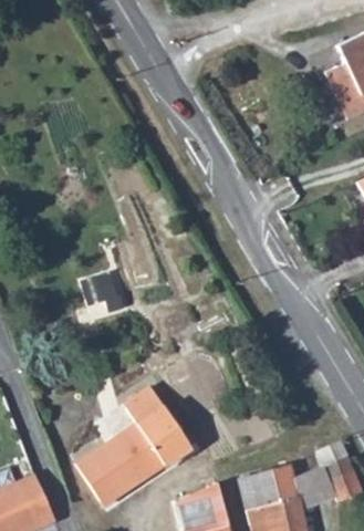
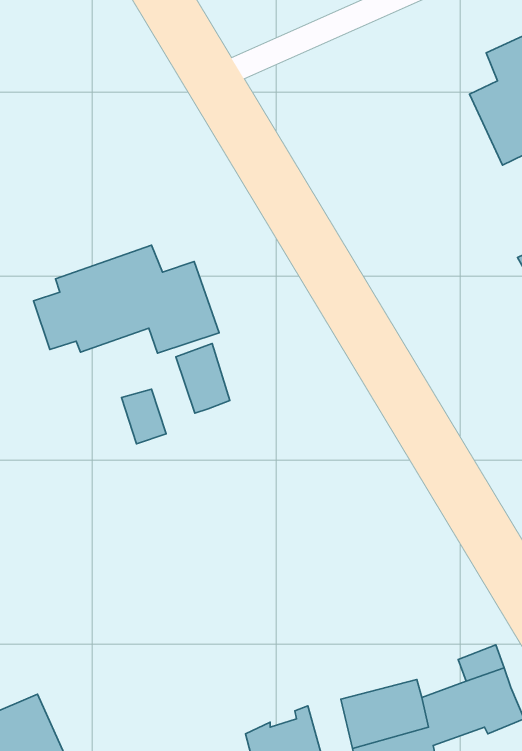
building: none -> [33,245,219,353]
building: none -> [176,344,230,413]
building: [76,387,191,501] -> none

